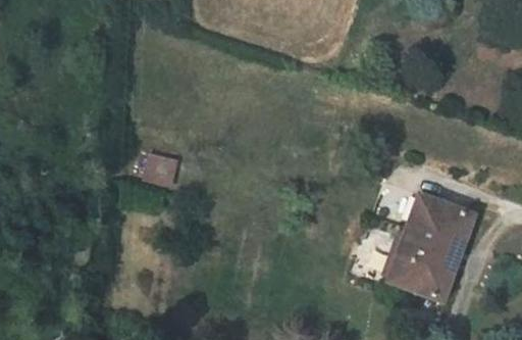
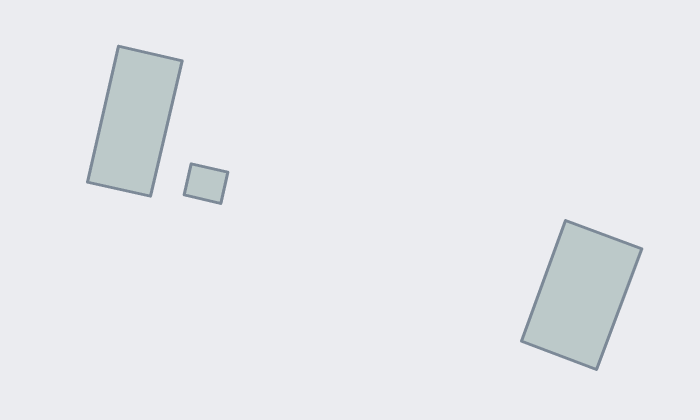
building: none -> [87,46,182,196]

